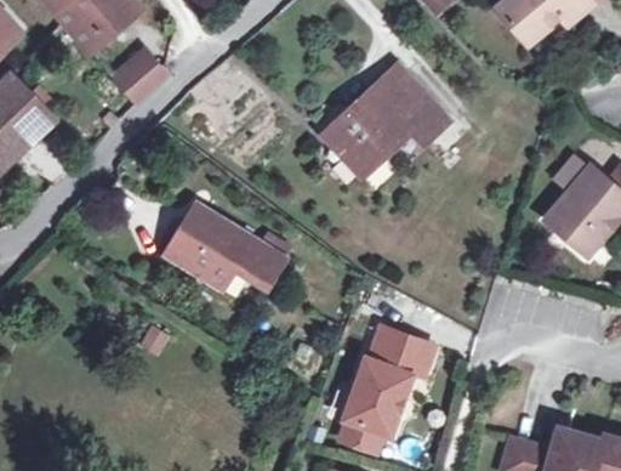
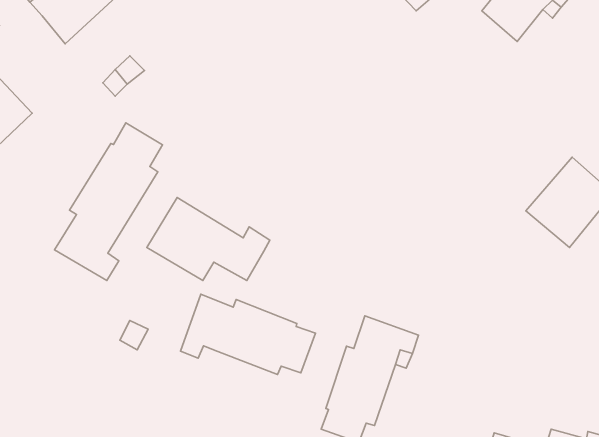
building: [321,64,446,176] -> none
building: none -> [55,123,162,281]
building: none -> [180,294,316,375]

